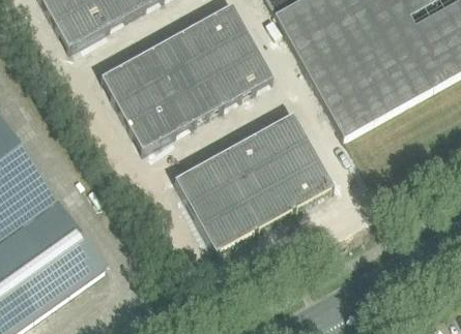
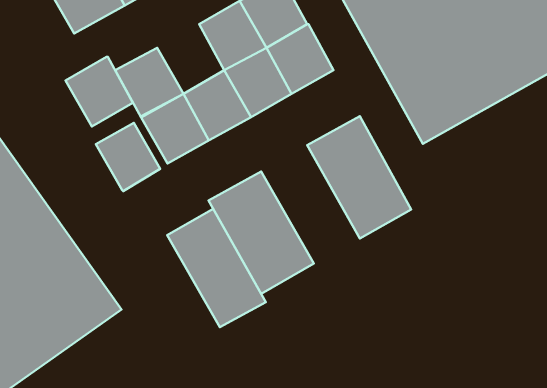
building: [133,40,185,95] -> [66,57,133,126]
building: none -> [96,123,160,191]
building: [214,135,292,229] -> [167,209,266,327]

